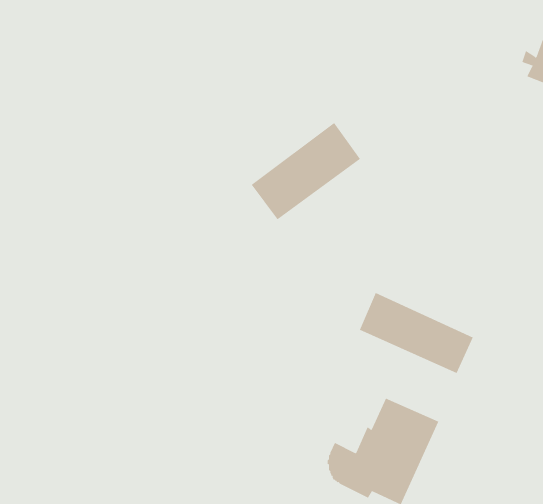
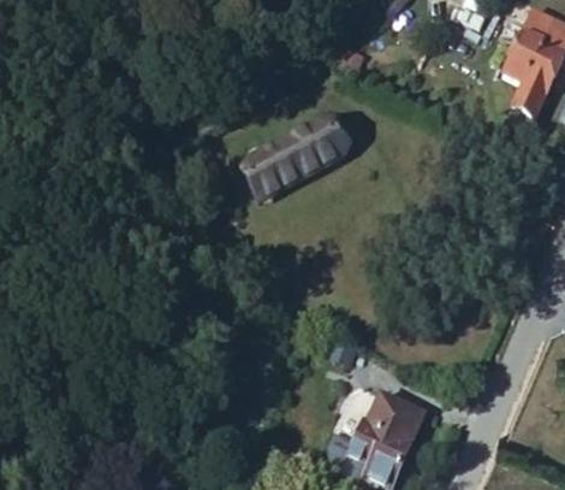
building: [359,292,473,374] -> none

